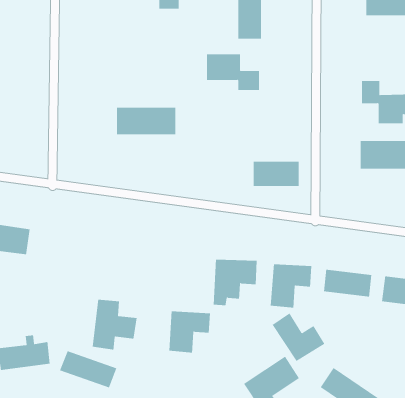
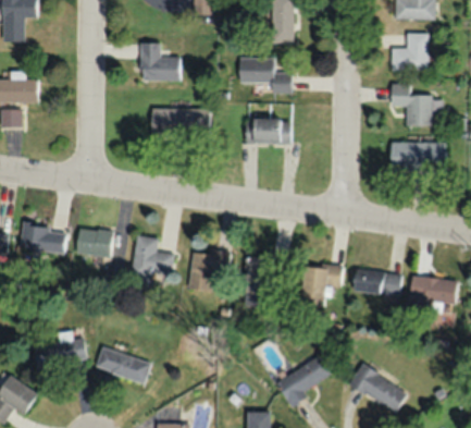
building: none -> [392,32,429,70]
building: none -> [140,42,181,80]
building: [253,161,300,187] -> [245,119,290,144]
building: none -> [75,227,114,258]
building: [92,299,138,350] -> [131,235,175,285]
building: [168,311,211,353] -> [189,249,231,291]
building: [272,313,325,362] -> none

